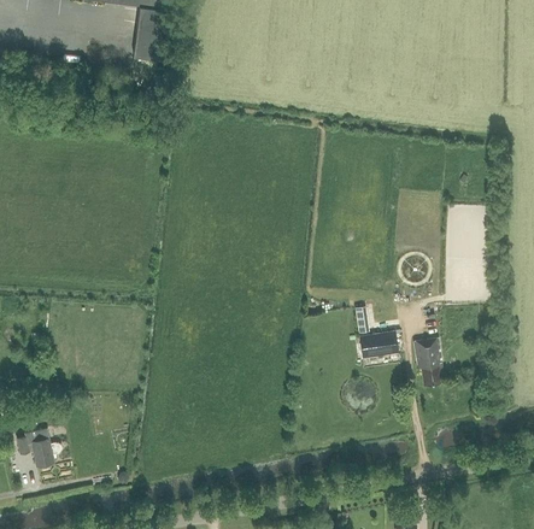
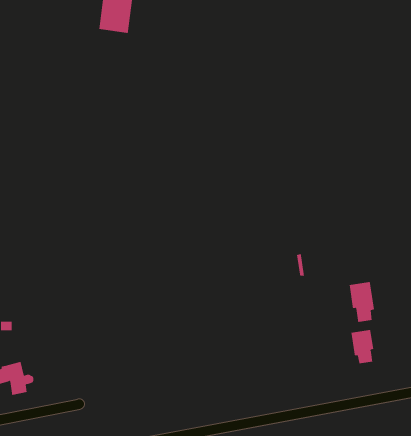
building: [358,333,398,359] -> none
building: none -> [351,329,374,364]

